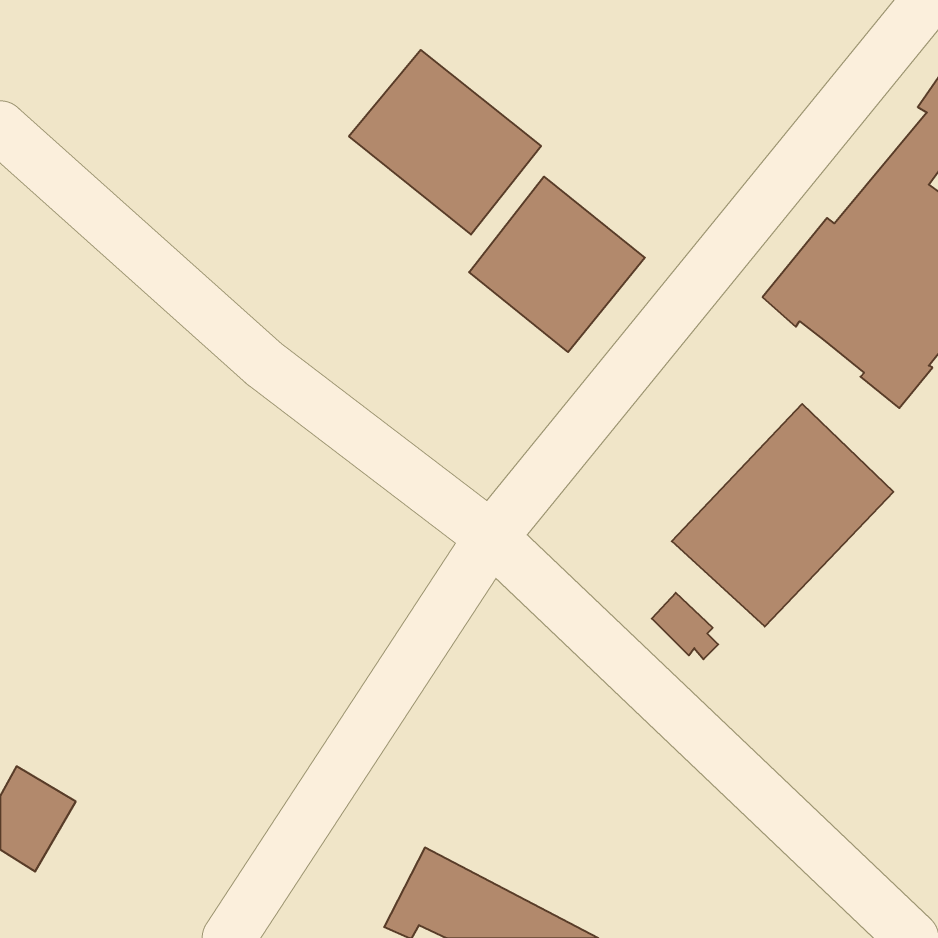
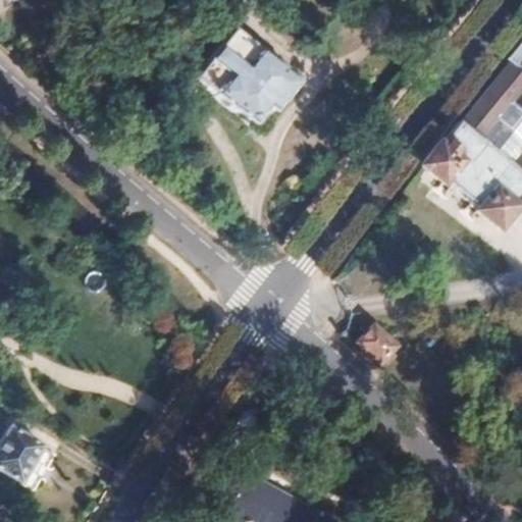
building: [469,177,645,352] -> none
building: [672,404,893,627] -> none

